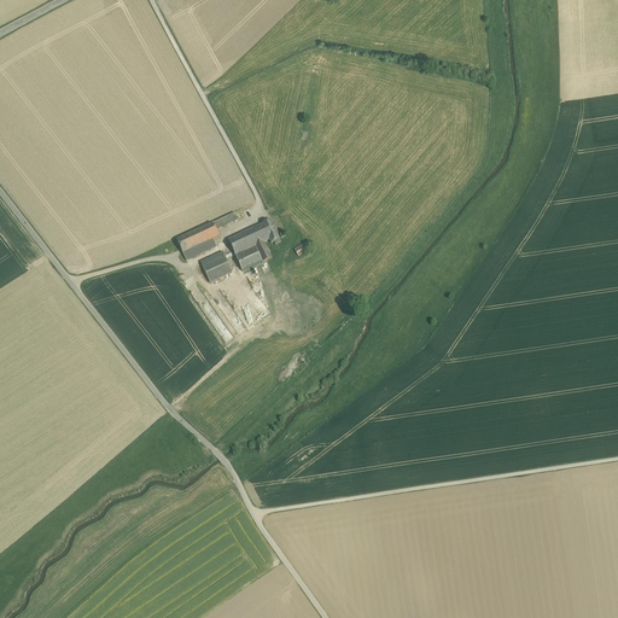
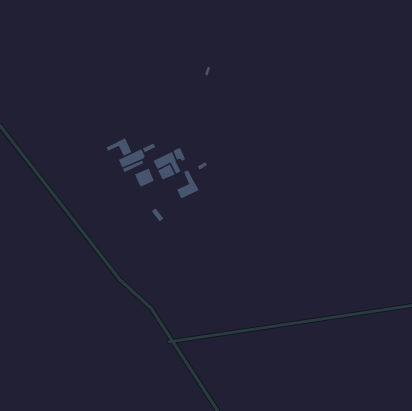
building: none -> [106,137,133,157]
building: none -> [176,169,200,200]

